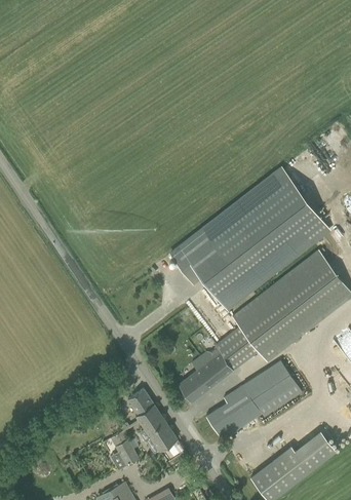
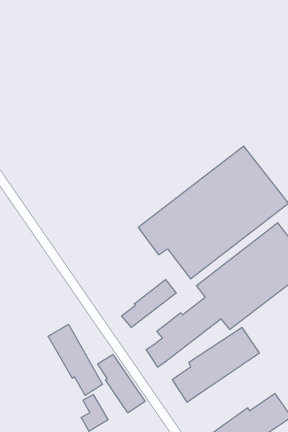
building: none -> [122,280,176,327]
building: none -> [48,324,103,395]

